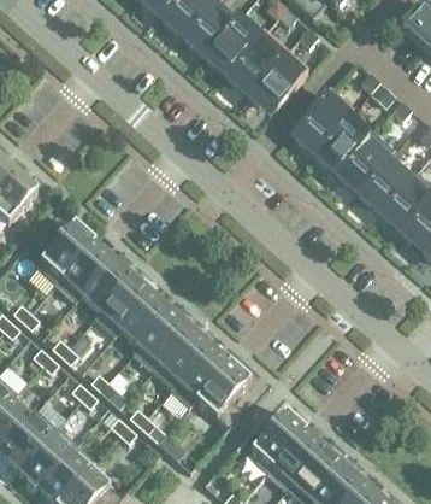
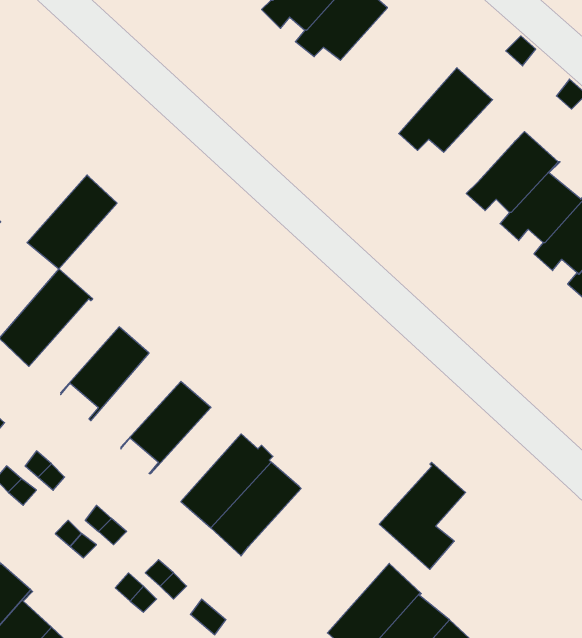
building: [247,52,307,113] -> none
building: [313,111,366,164] -> none
building: [54,239,112,299] -> [27,175,117,269]
building: [94,274,152,334] -> none
building: [132,309,190,369] -> none
building: [195,358,250,427] -> [379,462,466,569]

